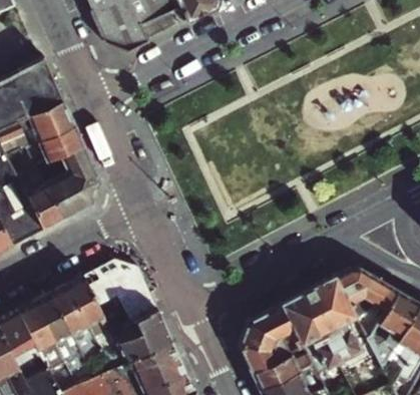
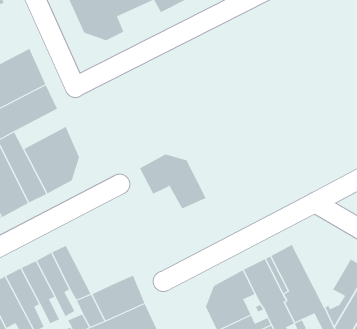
building: [28,126,85,170] -> none
building: [85,261,159,322] -> [139,154,206,209]
building: [335,269,399,346] -> none

